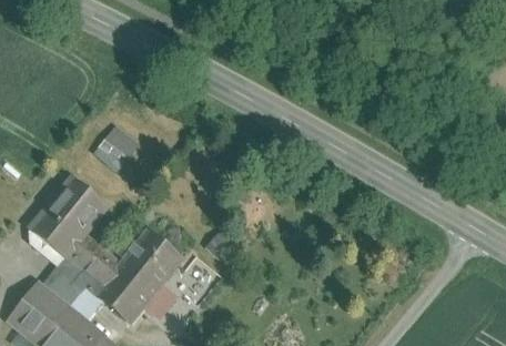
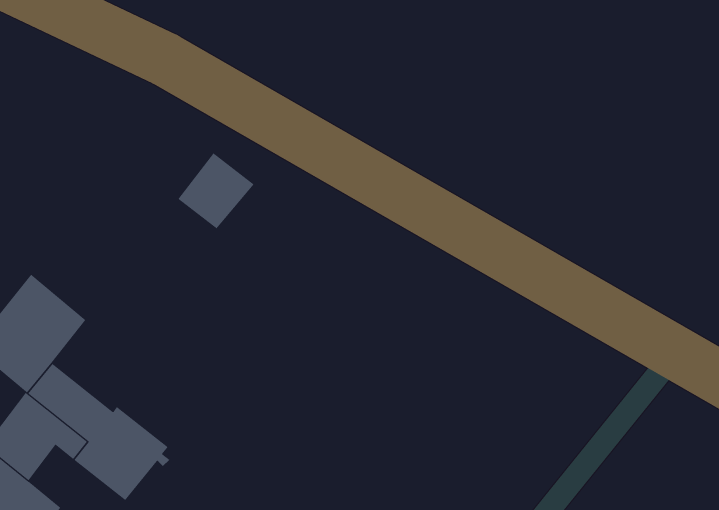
building: [93,125,141,173] -> [178,152,254,229]
building: [125,235,181,289] -> none

